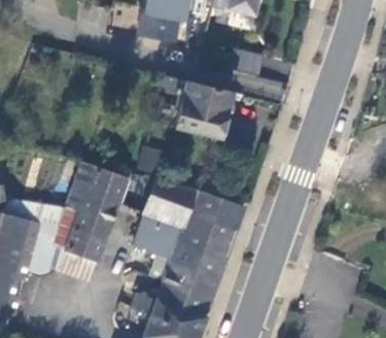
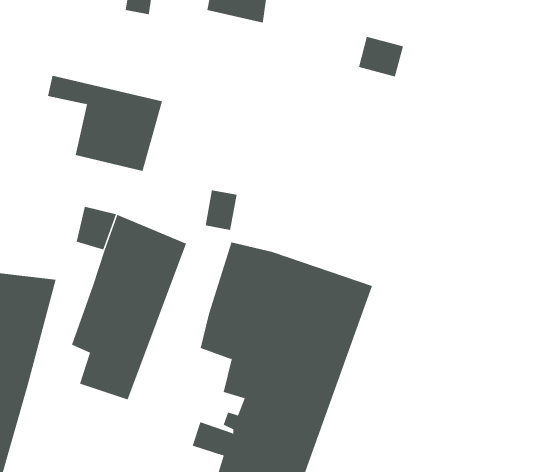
building: [159,76,232,137] -> [47,75,163,171]
building: [28,203,68,275] -> none

